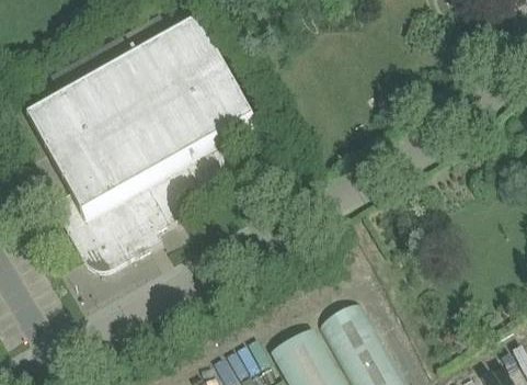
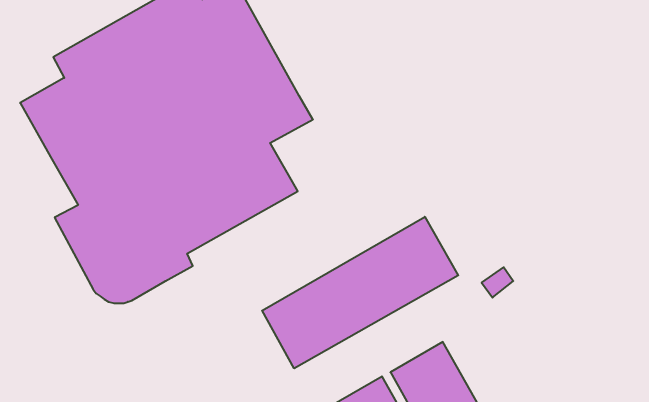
building: none -> [262,217,458,368]

